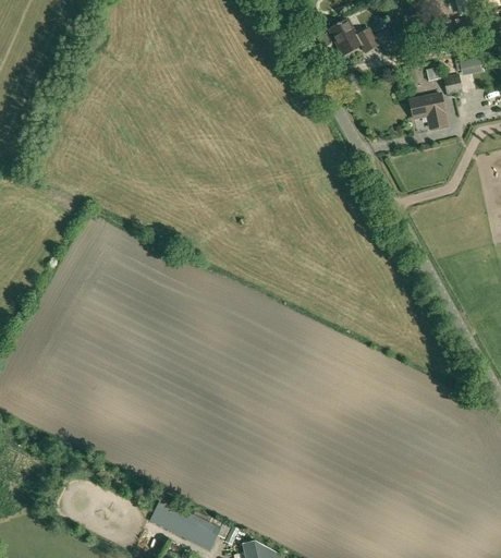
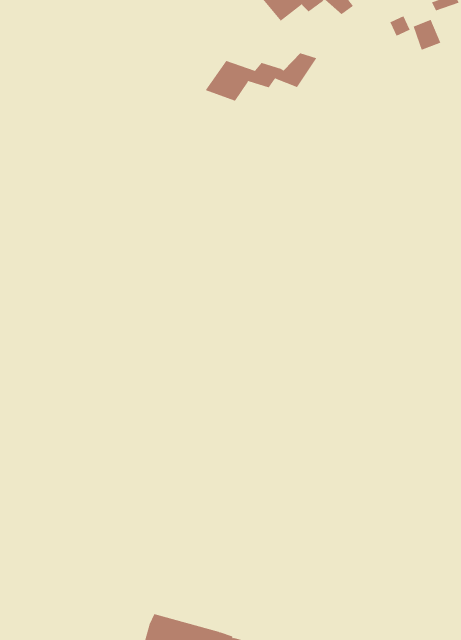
building: none -> [205,52,317,101]
building: [408,93,447,129] -> none

